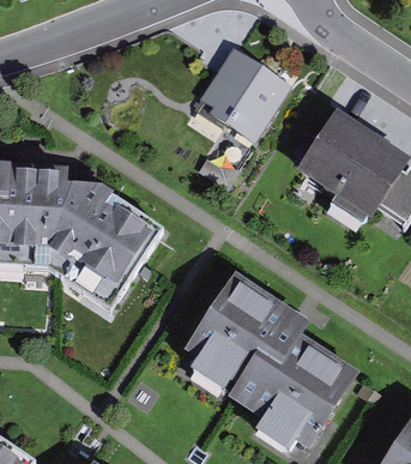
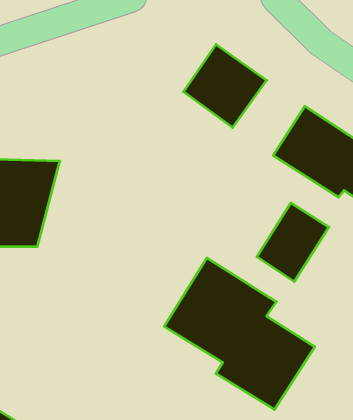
building: [49,174,158,309] -> none
building: none -> [257,203,329,282]

